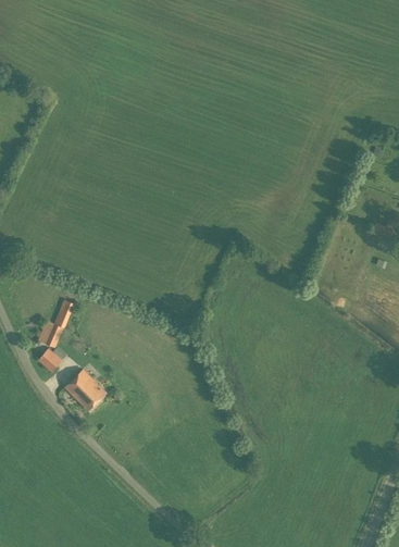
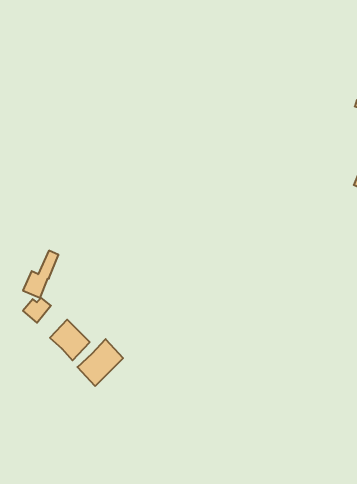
building: none -> [77,339,123,386]

